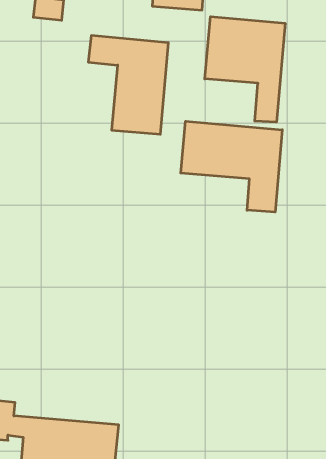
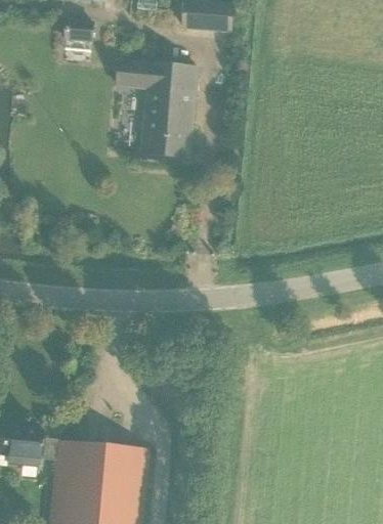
building: [205,17,285,122] -> none
building: [181,121,282,212] -> none

